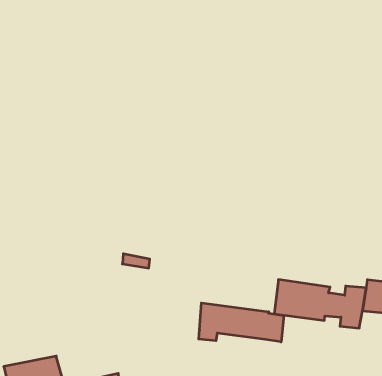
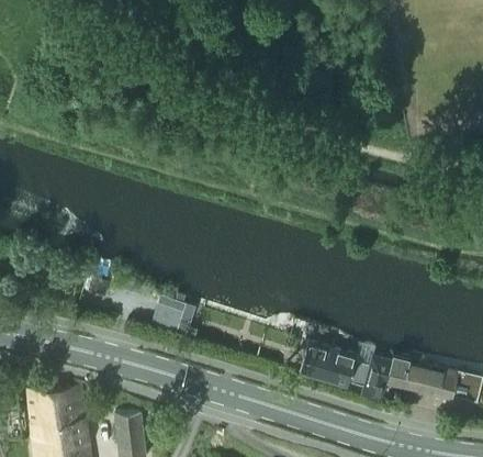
building: [199,303,284,342] -> none

